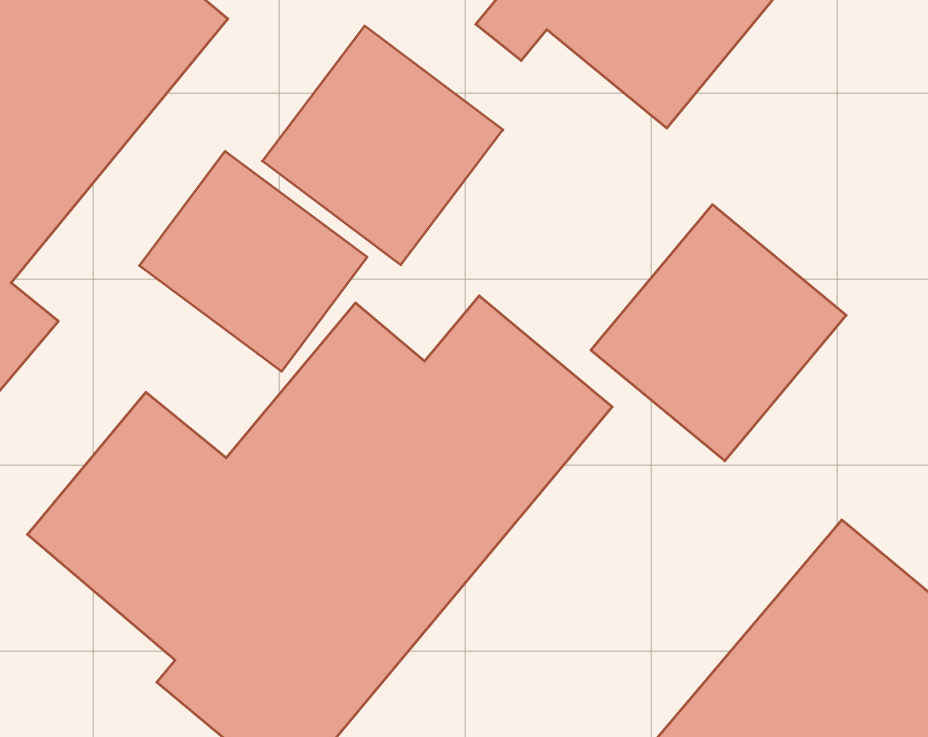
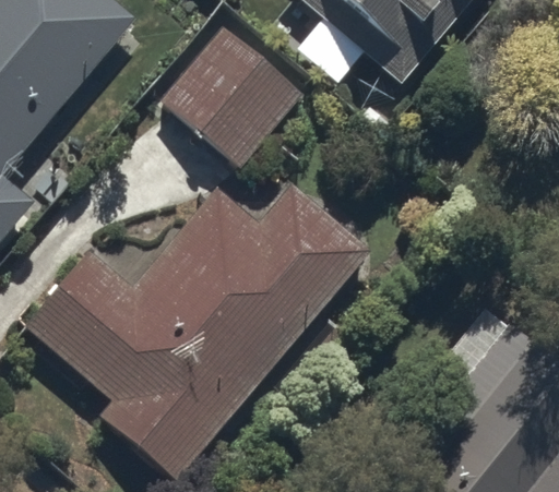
building: [139,151,367,371] -> none
building: [591,205,846,461] -> none

